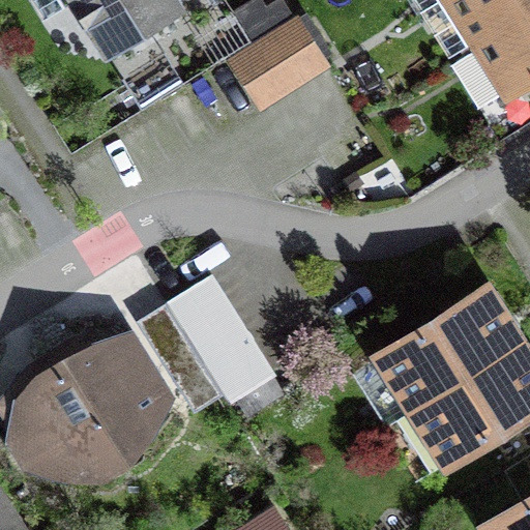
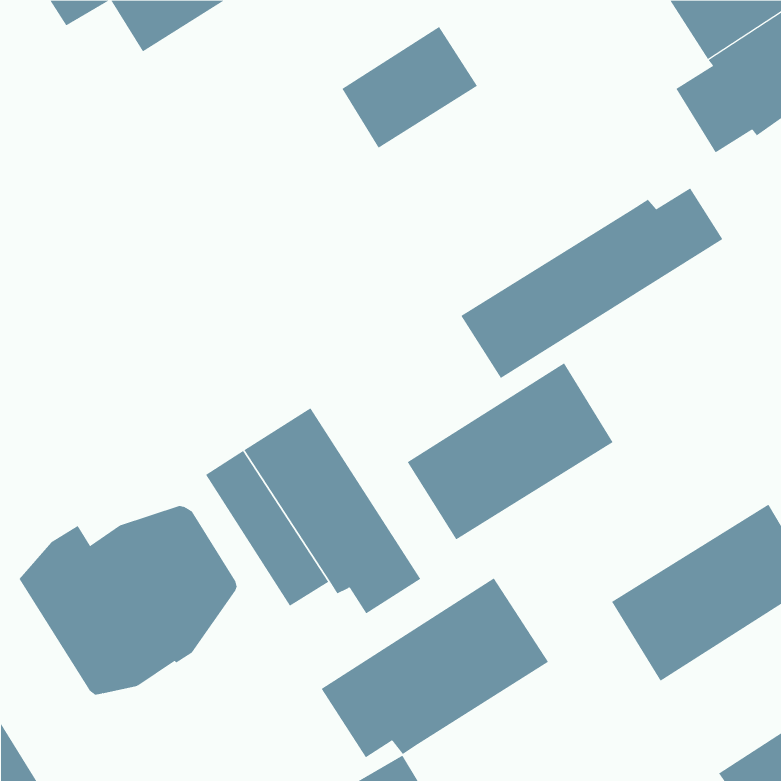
building: none -> [461,187,723,379]
building: [381,288,521,408] -> [407,363,614,540]
building: none -> [321,577,549,758]

